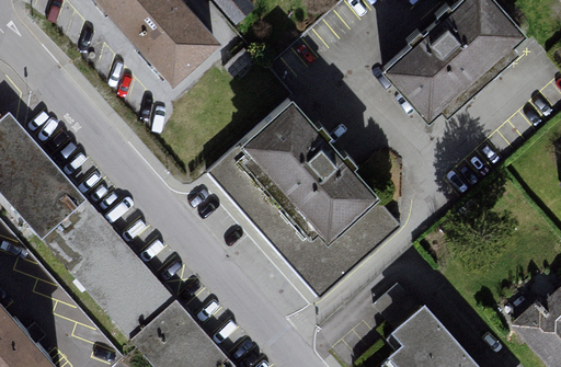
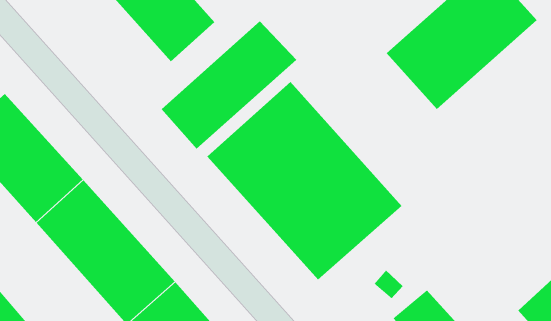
building: none -> [161,20,297,150]

